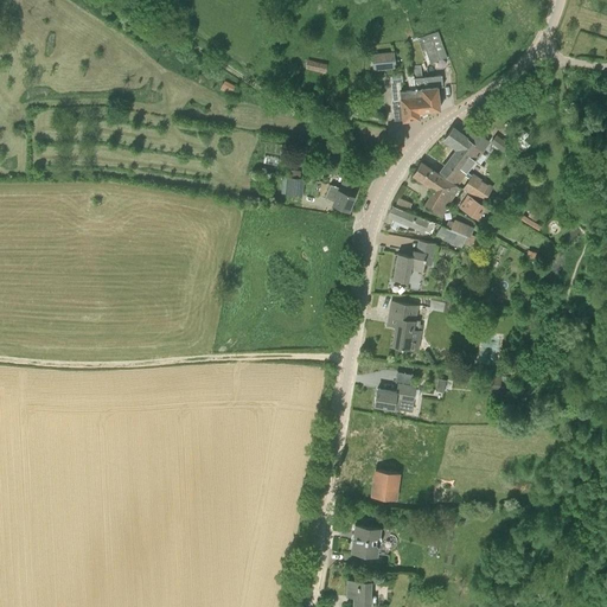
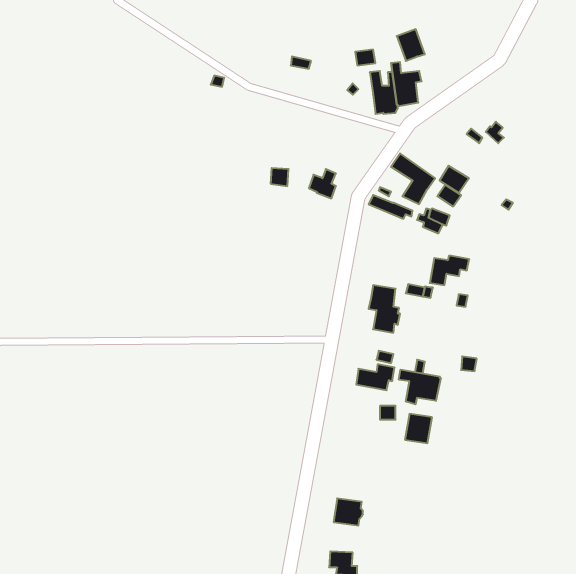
building: [441,129,488,186] -> none
building: [392,253,434,283] -> [430,256,469,285]
building: none -> [399,370,441,404]
building: [371,471,400,501] -> [405,414,432,443]

